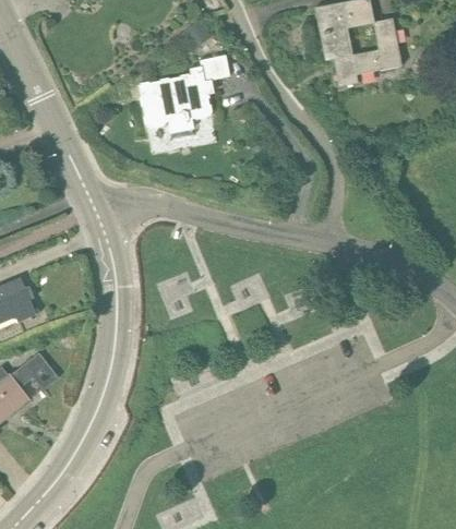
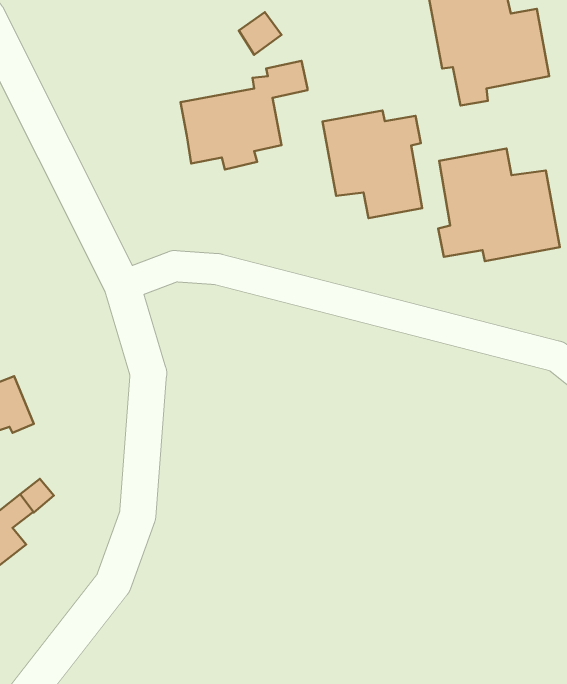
building: none -> [322,111,422,218]
building: none -> [438,148,560,261]

